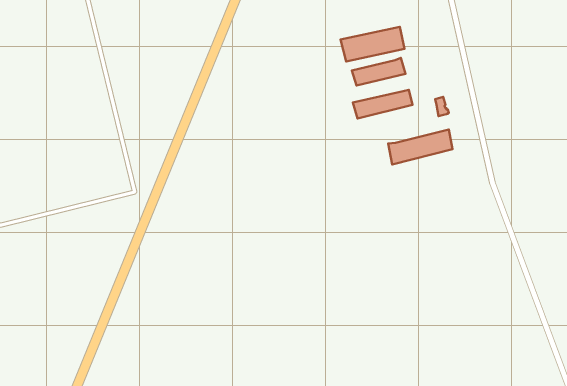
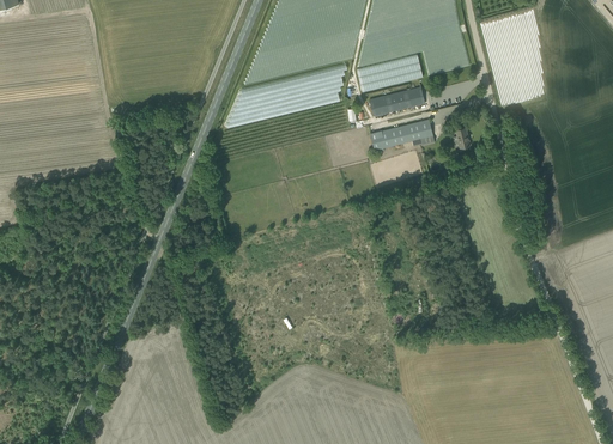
building: [388,129,453,165] -> none

